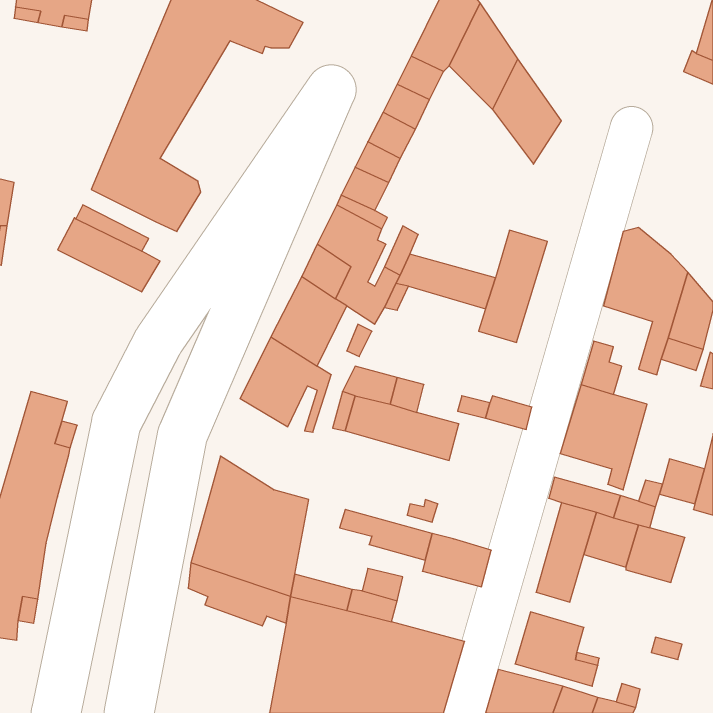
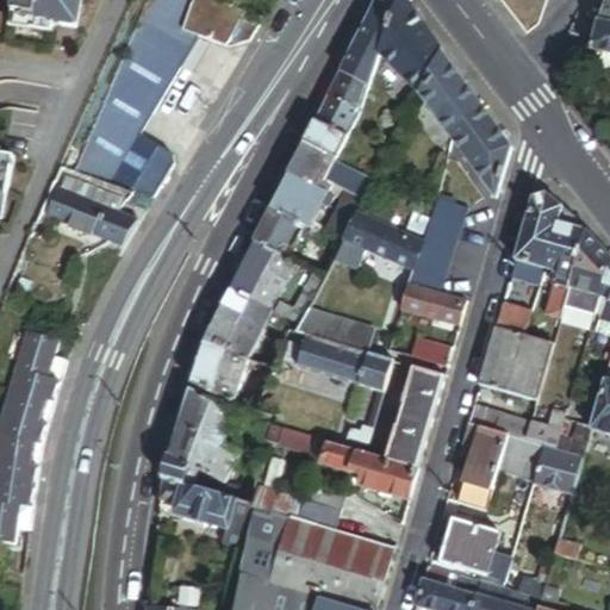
building: none -> [453,102,509,197]
building: none -> [399,281,465,323]
building: none -> [189,338,255,406]
building: none -> [385,366,443,467]

